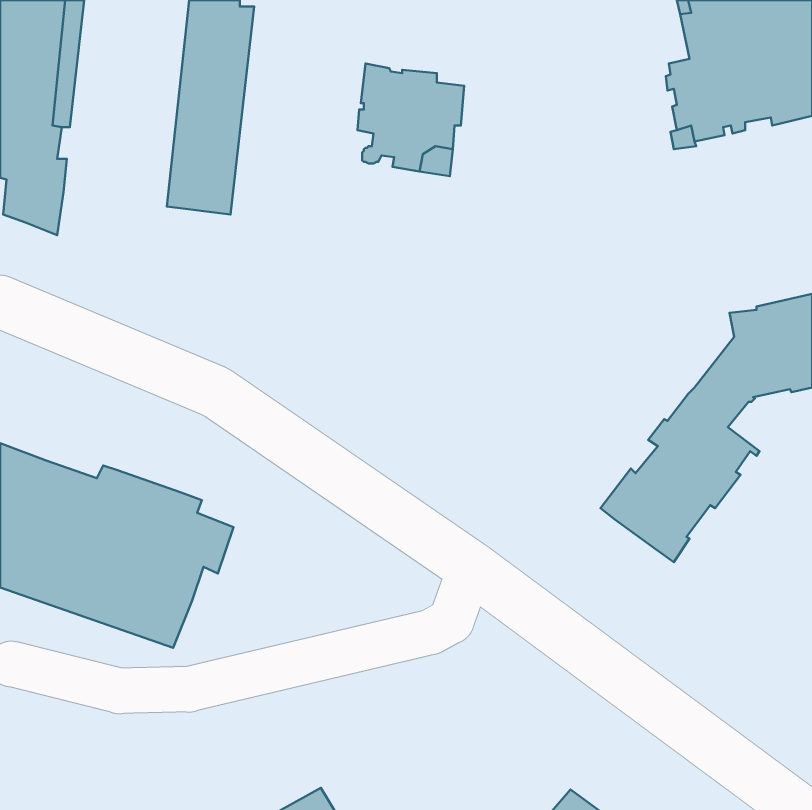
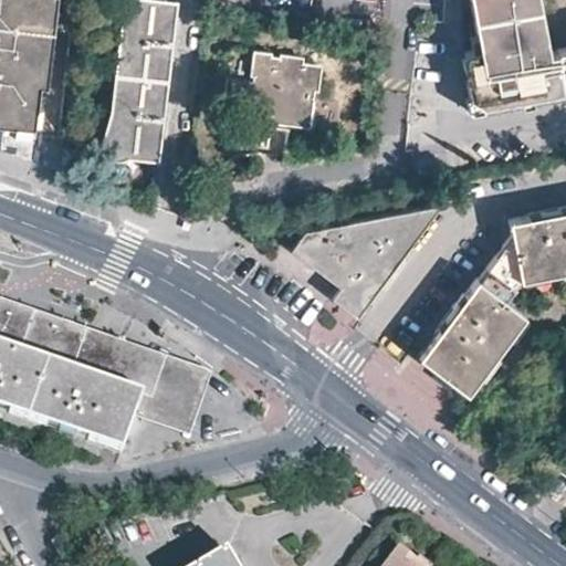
building: none -> [292,202,442,314]
building: none -> [134,349,210,438]

